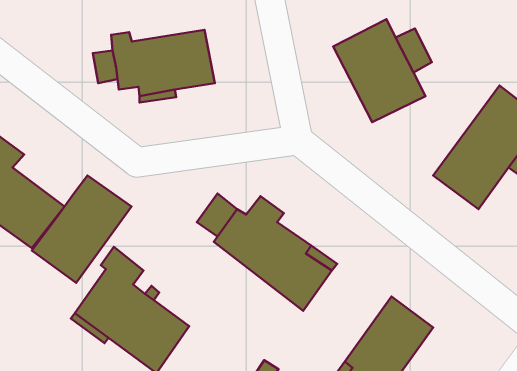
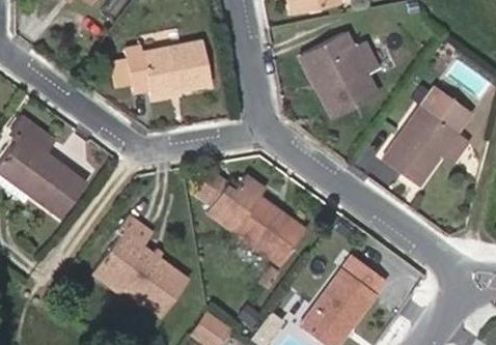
building: [32,175,132,283] -> none

